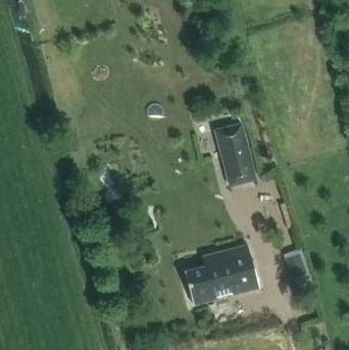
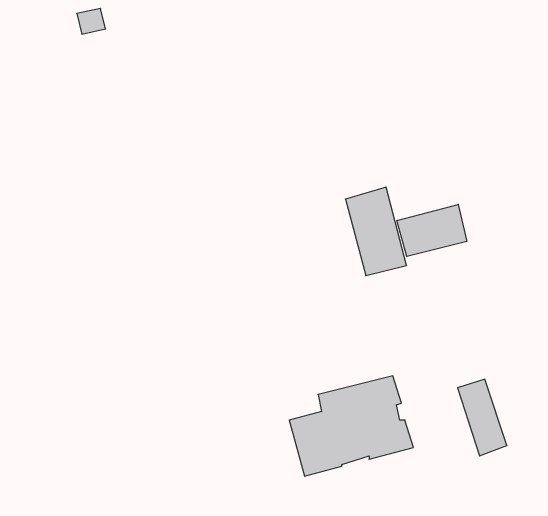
building: none -> [397,204,467,257]

